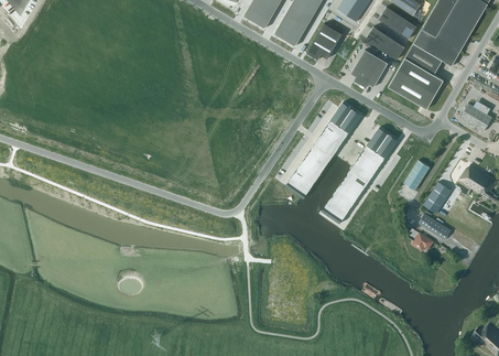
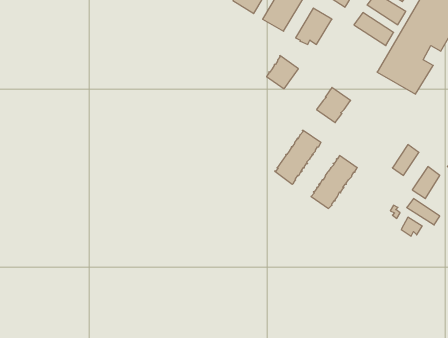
building: [350,48,388,87] -> none
building: [314,123,346,157] -> [267,56,298,89]
building: [350,127,398,182] -> none

